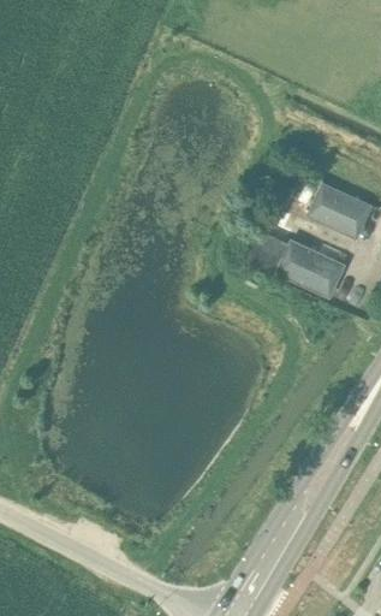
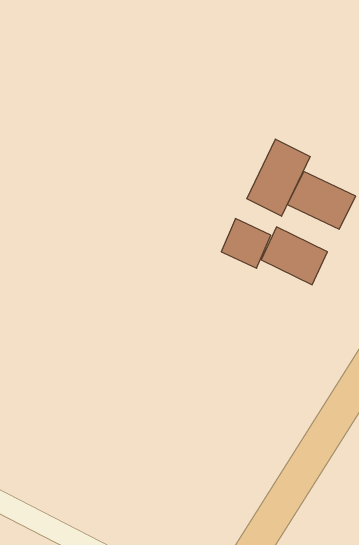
building: none -> [247,139,310,216]

